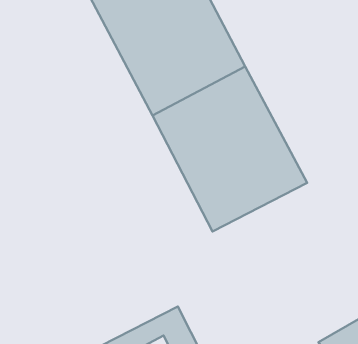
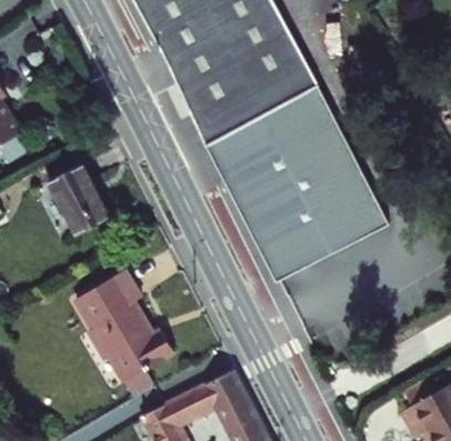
building: none -> [48,164,113,238]
building: none -> [77,270,178,384]

